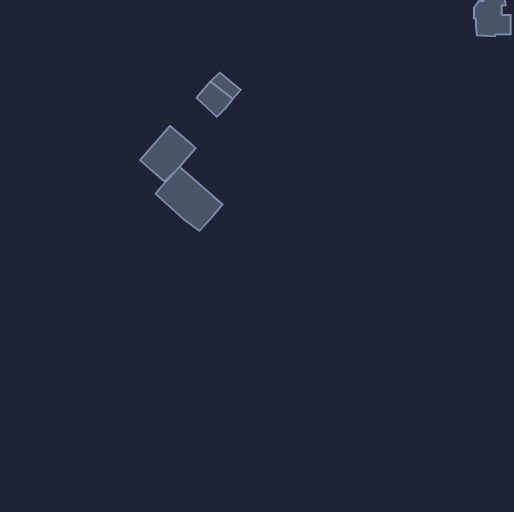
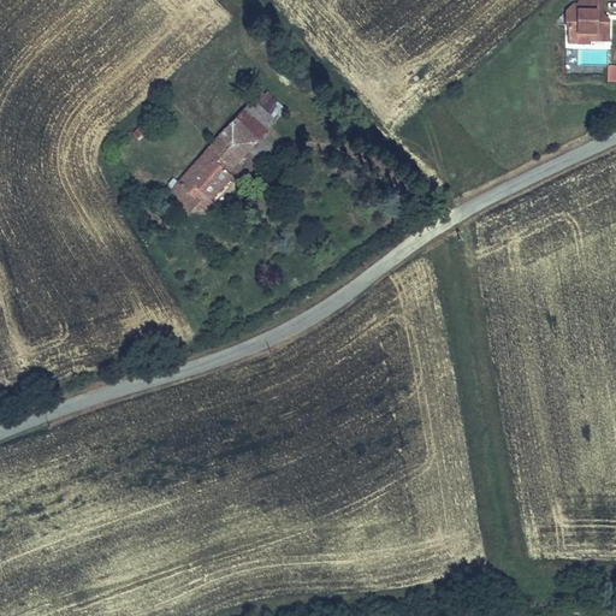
building: none -> [205,117,260,172]
building: [156,167,223,231] -> none

